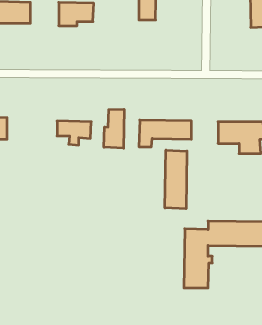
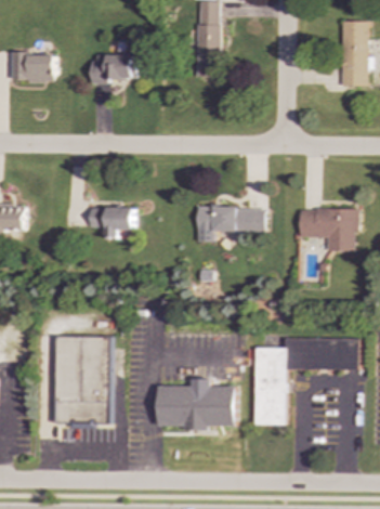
building: [104,109,124,148] -> none
building: [165,150,187,209] -> none
building: none -> [55,335,109,428]
building: none -> [157,378,235,430]

